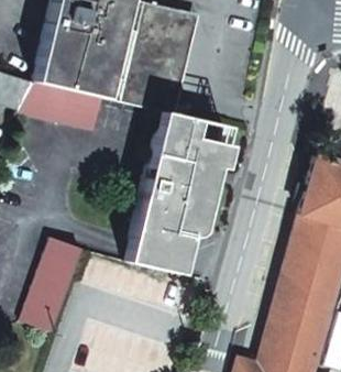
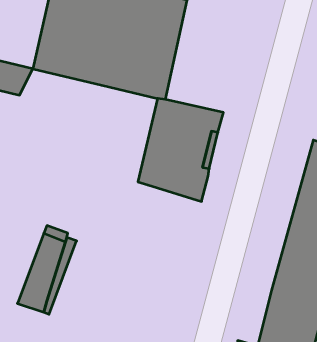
building: [20,83,105,132] -> none
building: [124,196,205,276] -> none

